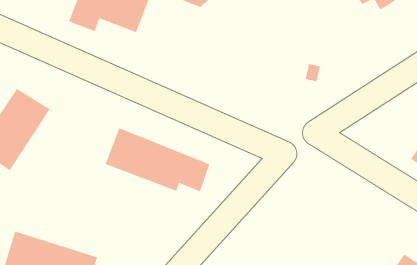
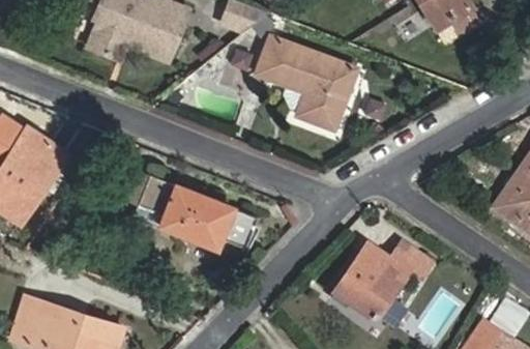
building: none -> [255,34,358,128]
building: none -> [331,242,430,324]

